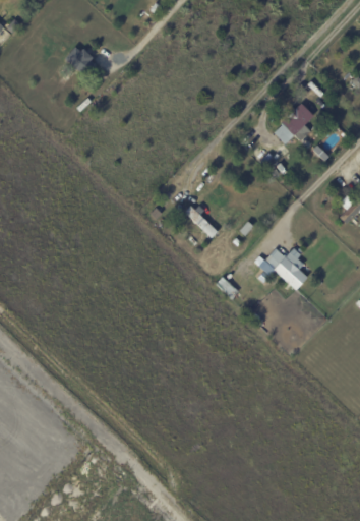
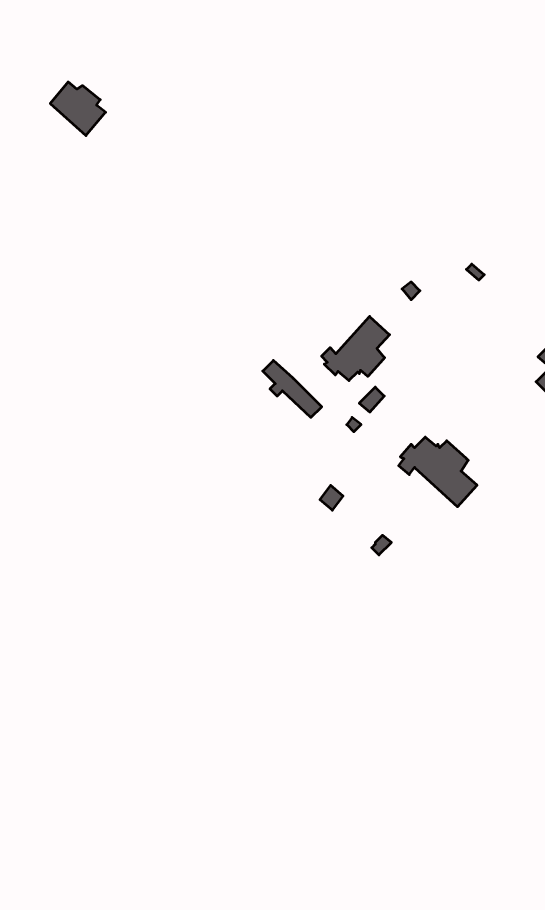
building: [275,102,314,142] -> none
building: none -> [322,316,390,381]

